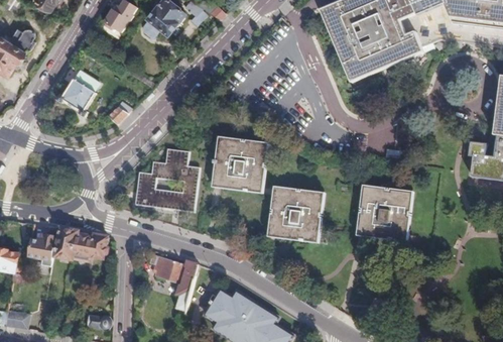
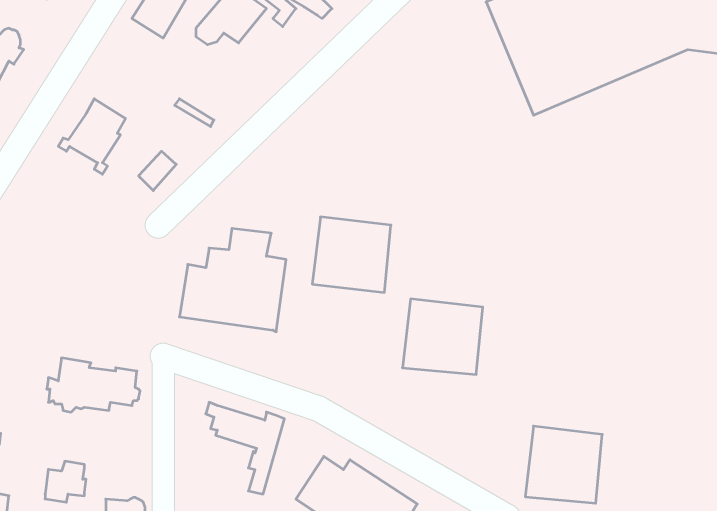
building: [359,189,406,236] -> [525,426,602,503]
building: [27,236,52,261] -> [45,461,86,502]

